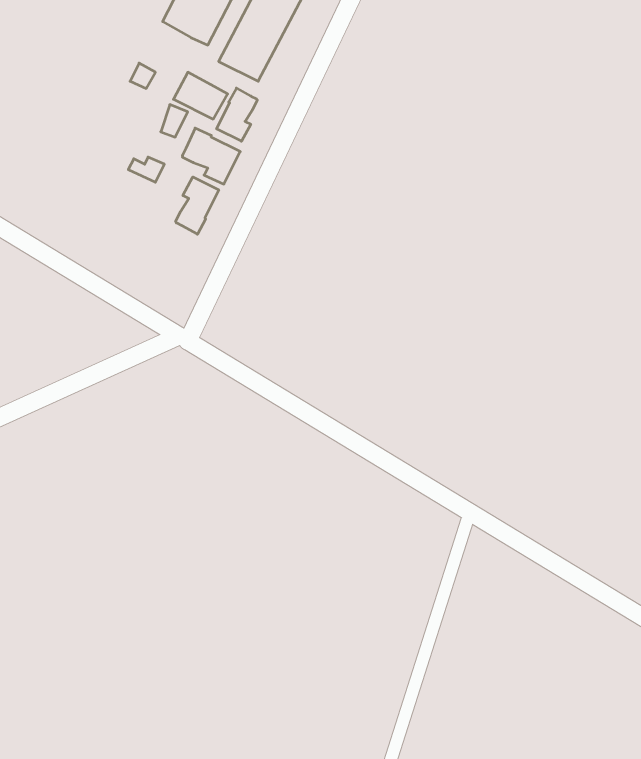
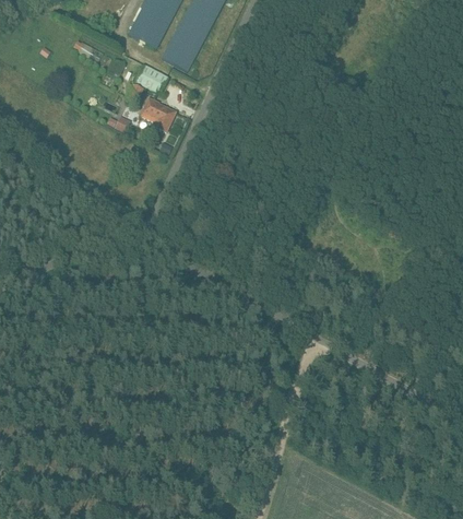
building: [217,88,257,141] -> none
building: [176,177,219,234] -> none

